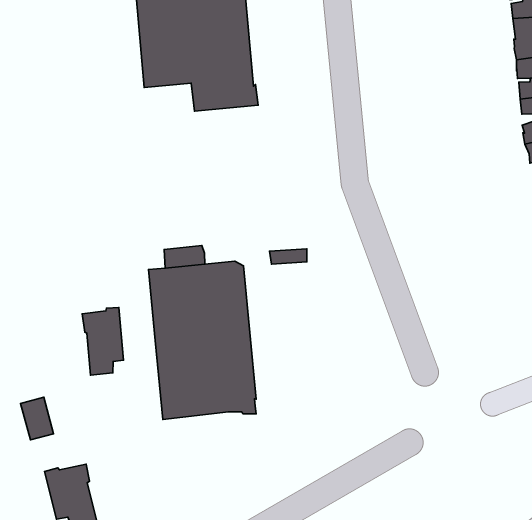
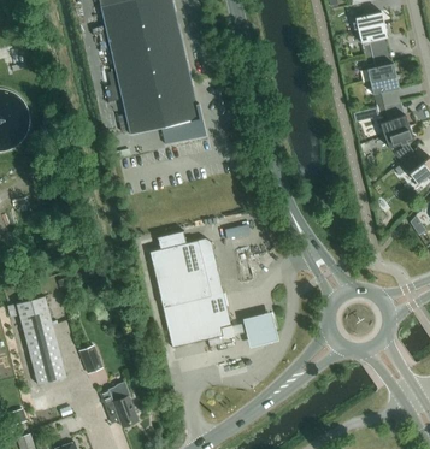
building: [82,308,123,375] -> none
building: none -> [242,312,277,347]

